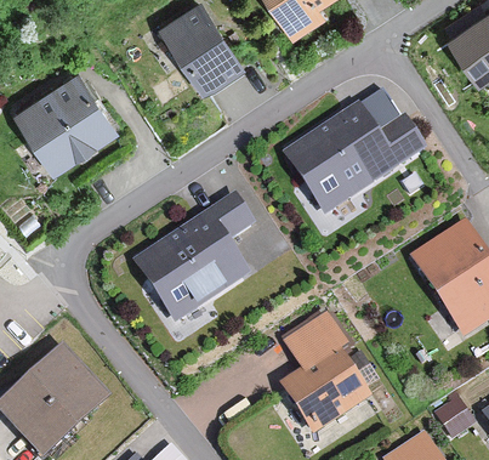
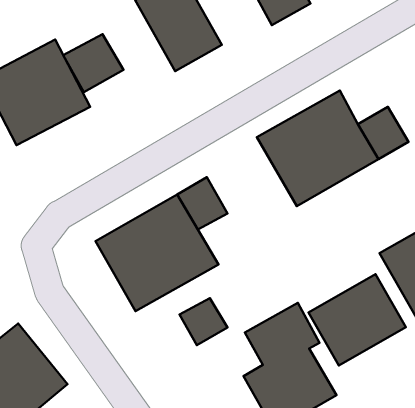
building: none -> [63,34,124,92]
building: none -> [309,274,406,365]
building: none -> [179,298,227,345]

